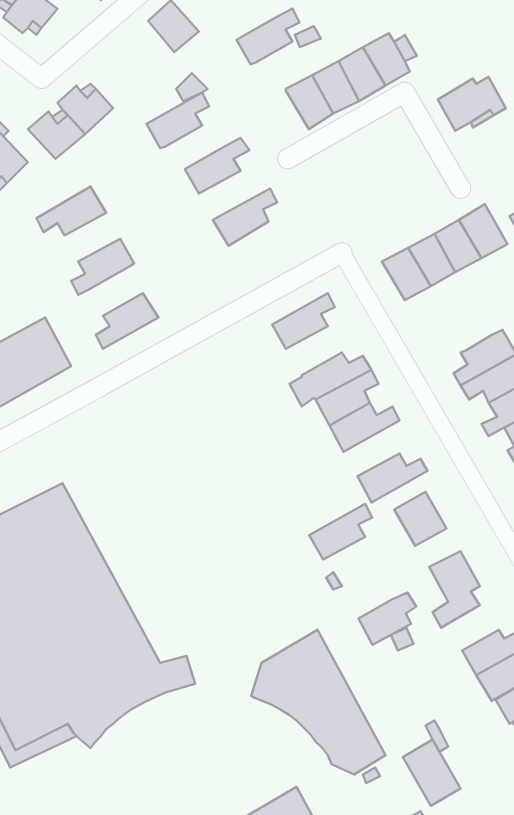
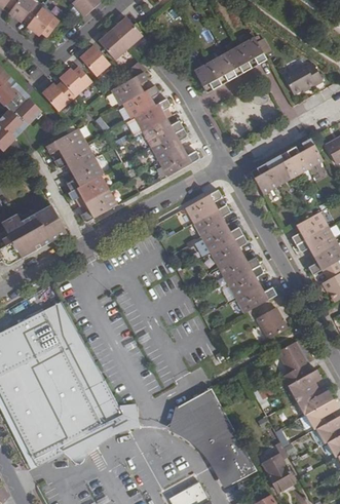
building: [237,9,299,64] -> [121,84,158,117]
building: none -> [97,29,126,60]
building: none -> [78,45,108,76]
building: none -> [141,117,183,146]
building: none -> [53,142,95,170]
building: none -> [158,147,199,176]
building: none -> [67,173,108,202]
building: none -> [192,204,230,237]
building: [309,504,372,560] -> [226,264,263,297]
building: [359,592,416,645] -> [287,369,320,399]

